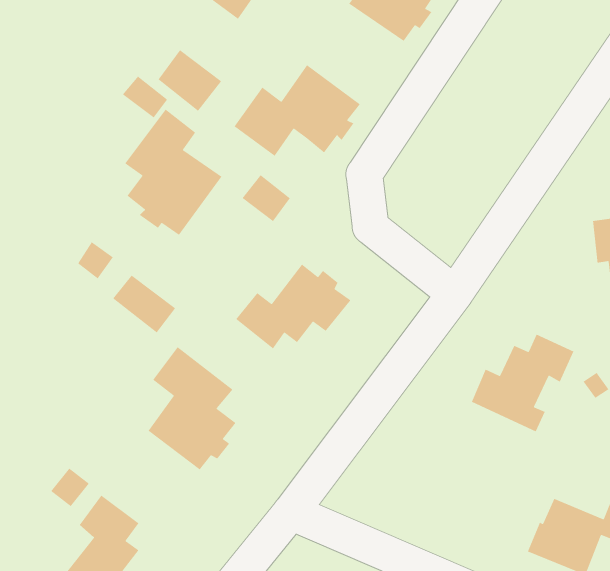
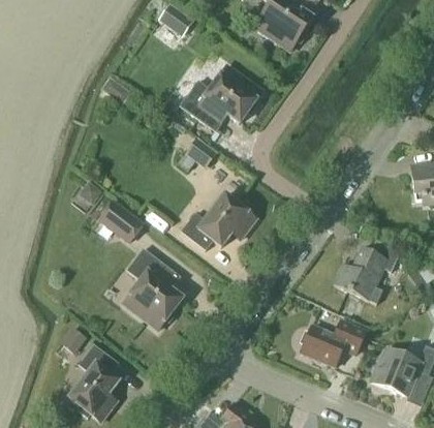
building: [158,49,222,112] -> none
building: [124,108,223,236] -> none
building: none -> [301,320,366,366]

